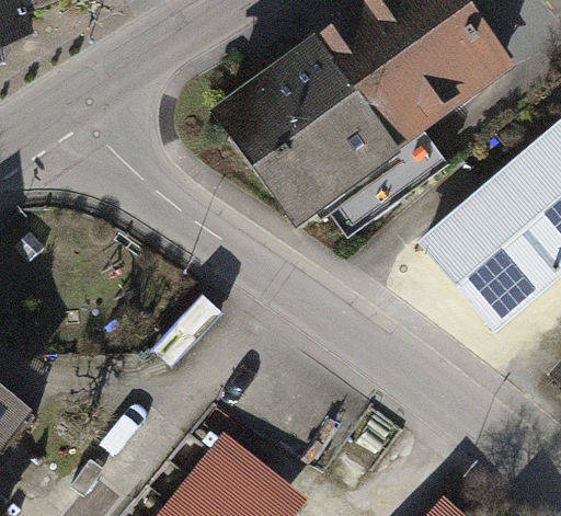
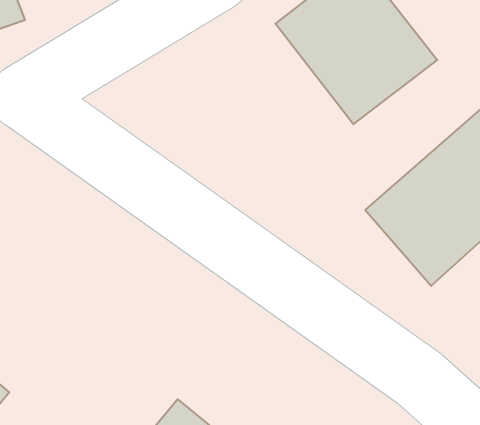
building: [214,30,410,215] -> none

